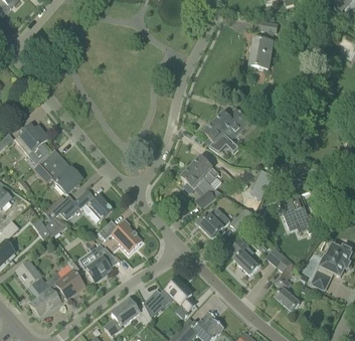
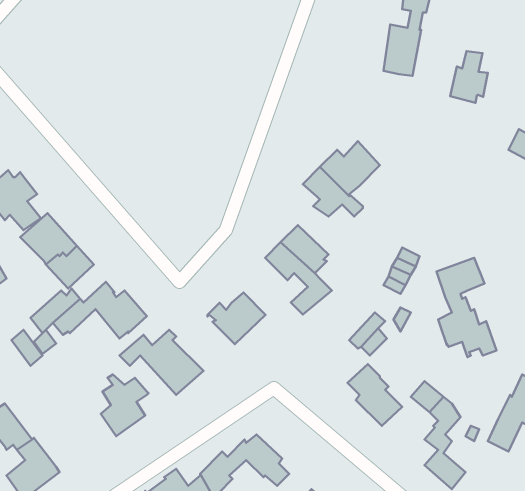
building: none -> [450,51,488,103]
building: [196,207,230,237] -> [207,293,266,344]
building: [45,269,83,298] -> none

